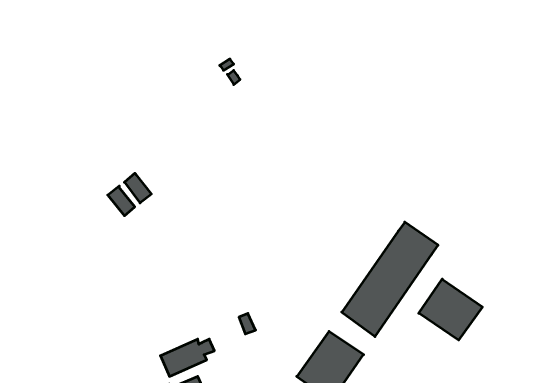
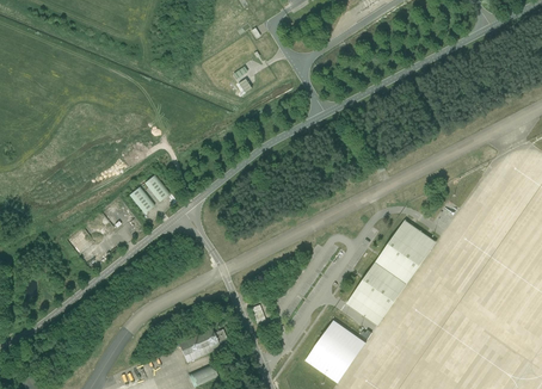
building: [419,279,482,340] -> none

